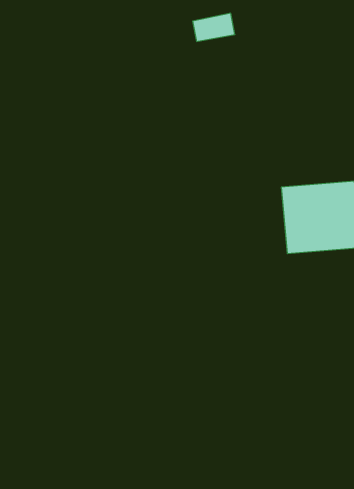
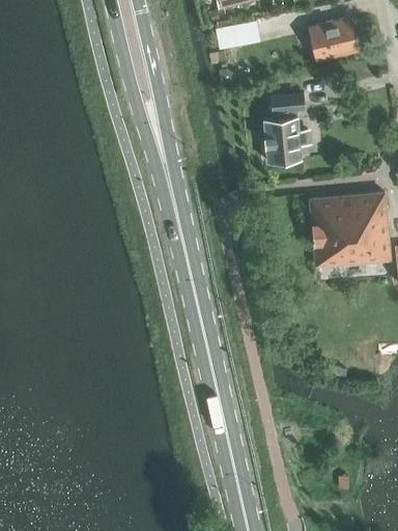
building: none -> [308,18,357,60]
building: none -> [263,92,311,162]

